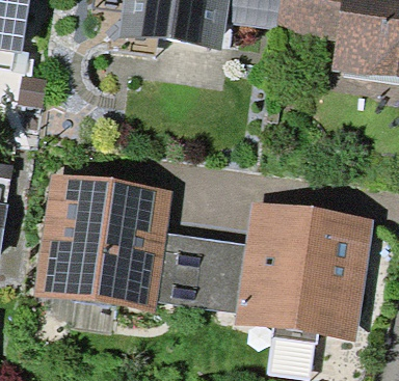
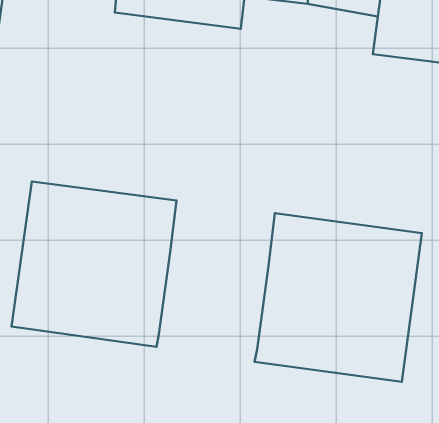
building: [156,233,246,312] -> none

